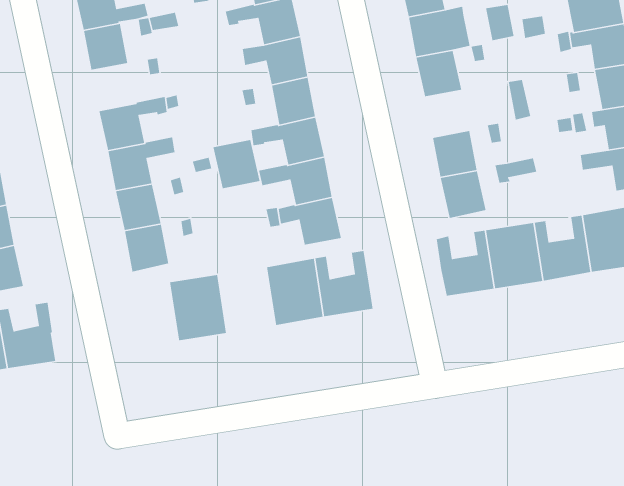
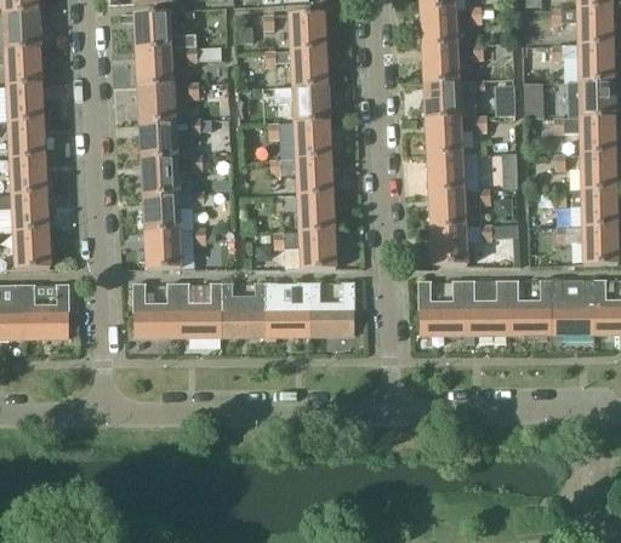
building: none -> [138,85,173,122]
building: none -> [428,154,463,192]
building: [213,139,261,189] -> none
building: none -> [222,282,266,336]
building: none -> [132,282,178,336]

